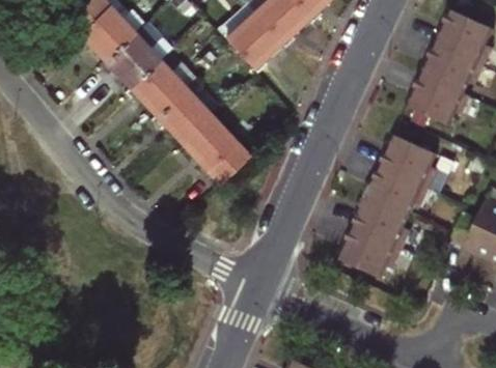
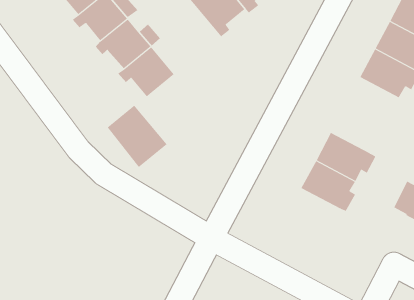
building: [182,115,247,181] -> [107,105,167,168]
building: [379,135,437,189] -> none
building: [336,227,401,278] -> none

